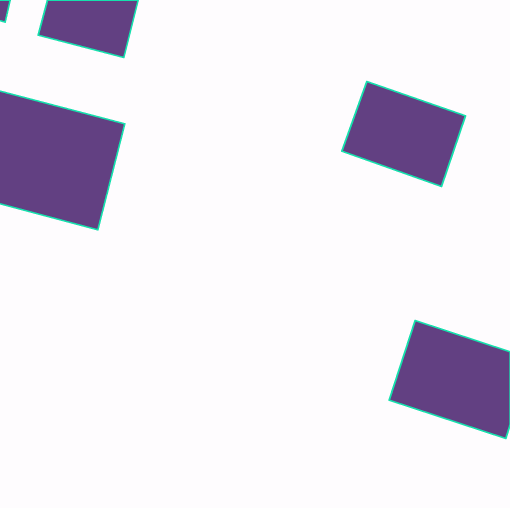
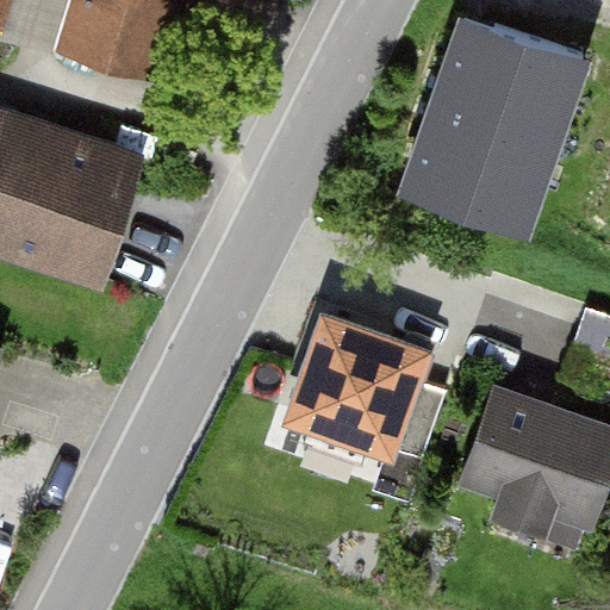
building: none -> [434,21,580,145]
building: none -> [282,316,431,465]

